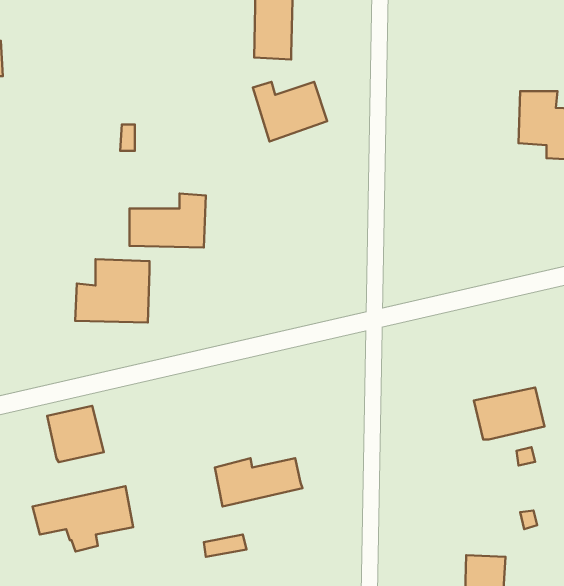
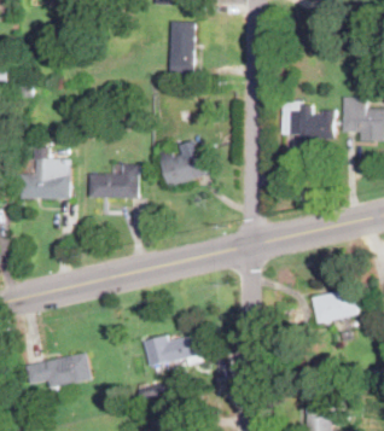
building: [253,82,327,142] -> [158,148,206,187]
building: none -> [281,100,334,138]
building: [75,259,150,323] -> [22,156,70,197]
building: [47,406,104,462] -> none

